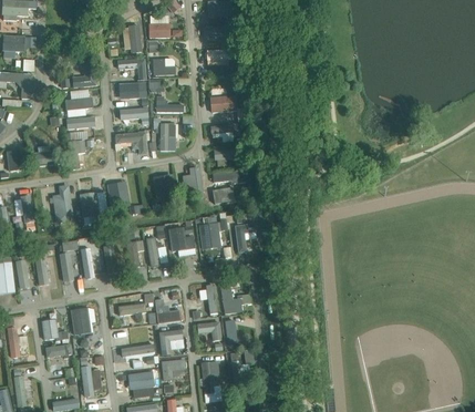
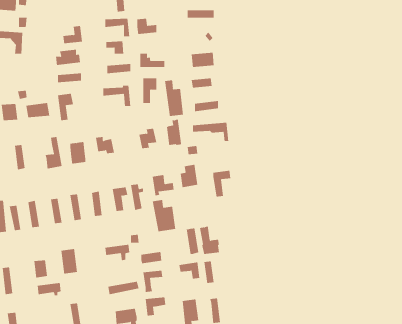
building: none -> [164,80,183,117]
building: none -> [152,199,176,232]

